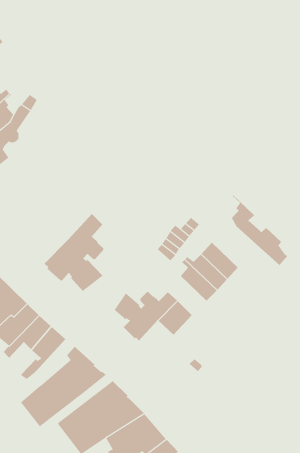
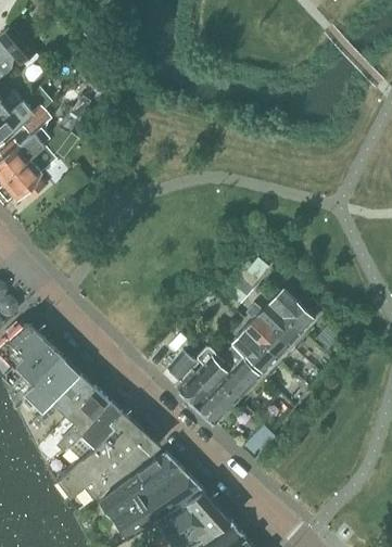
building: [231,195,288,266] -> none
building: [43,213,104,292] -> none
building: none -> [232,329,277,373]
building: none -> [197,382,238,424]
building: none -> [68,404,121,459]

